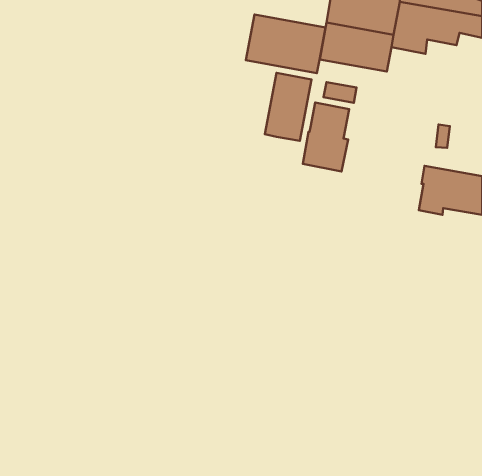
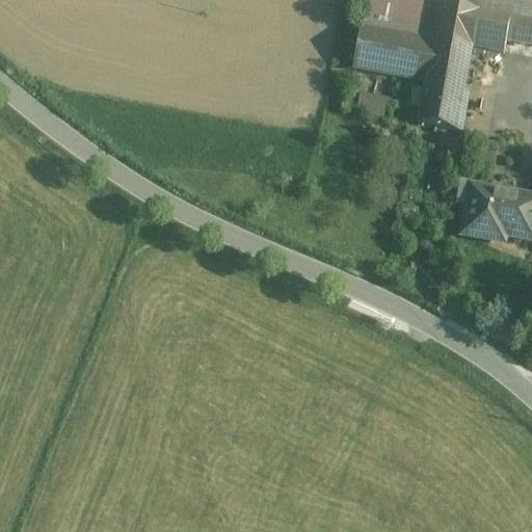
building: [246,14,325,73] -> none
building: [265,73,312,141] -> none
building: [303,103,349,171] -> [418,52,469,128]

